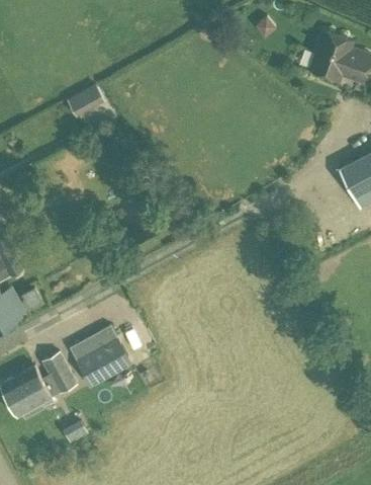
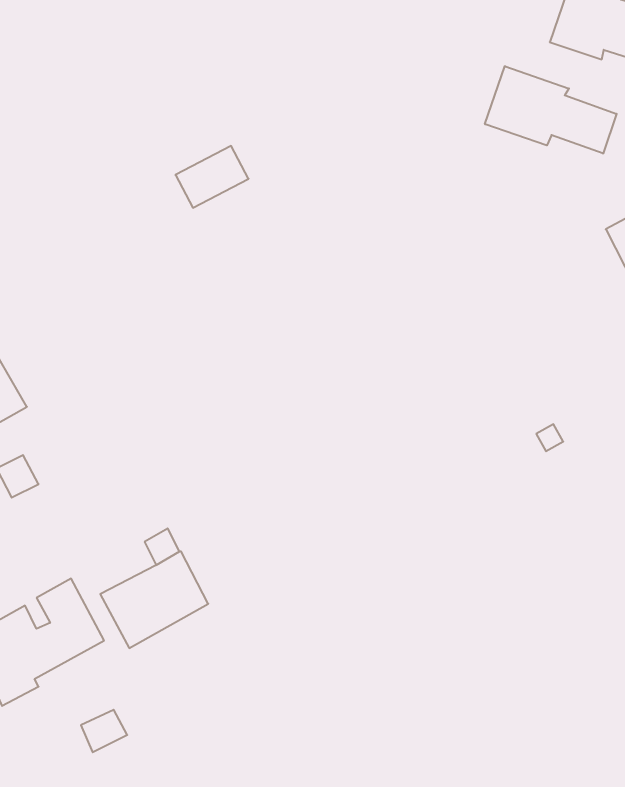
building: none -> [485,66,617,154]
building: [67,85,105,117] -> [175,146,249,208]

